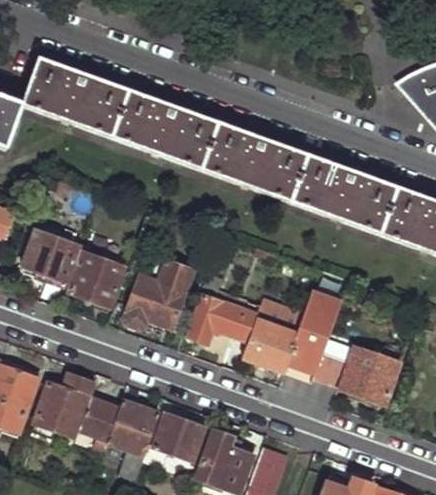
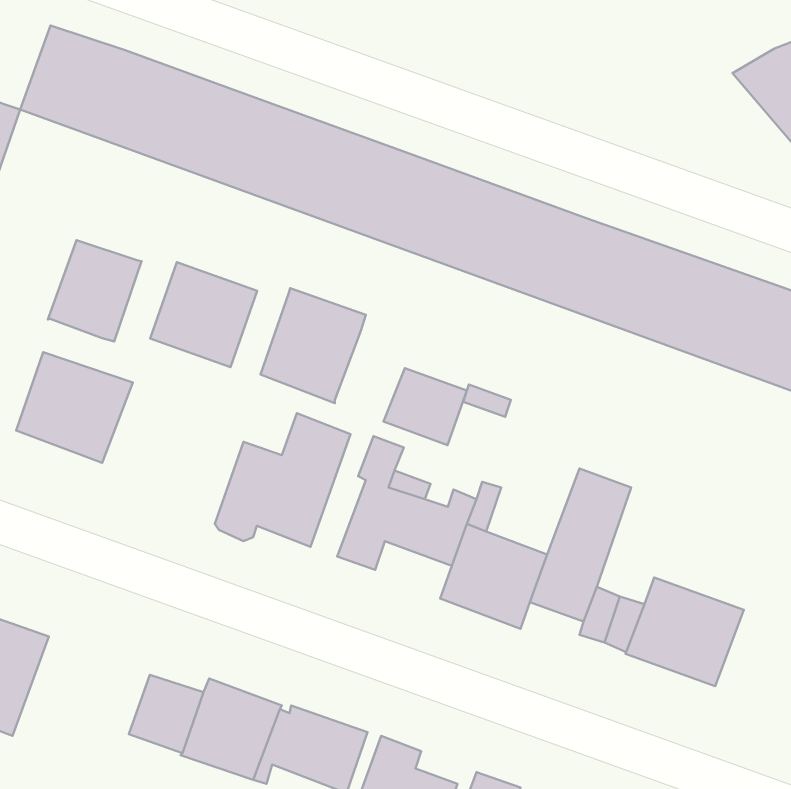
building: none -> [48,240,142,341]
building: none -> [261,288,366,403]
building: none -> [384,368,467,445]
building: [69,251,125,306] -> [150,262,257,367]
building: [32,373,95,437] -> none

